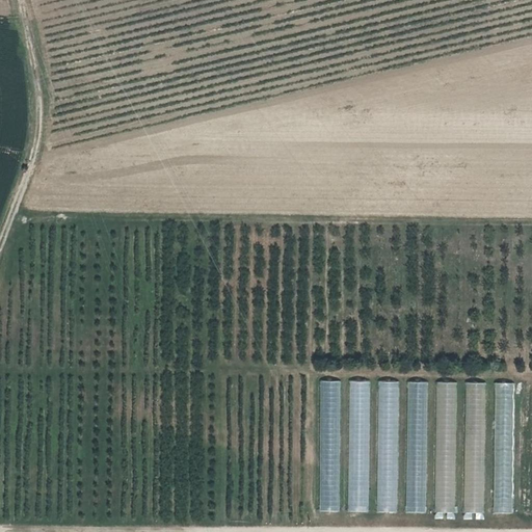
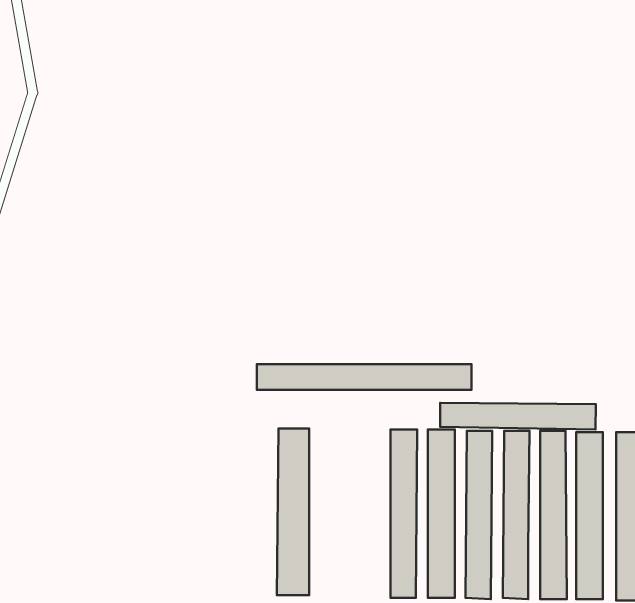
building: none -> [257,364,471,390]
building: none -> [440,403,596,429]
building: none -> [277,428,309,595]

